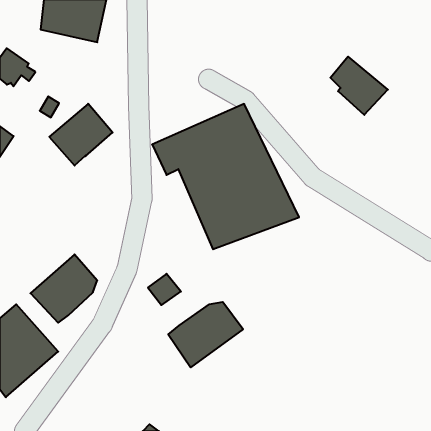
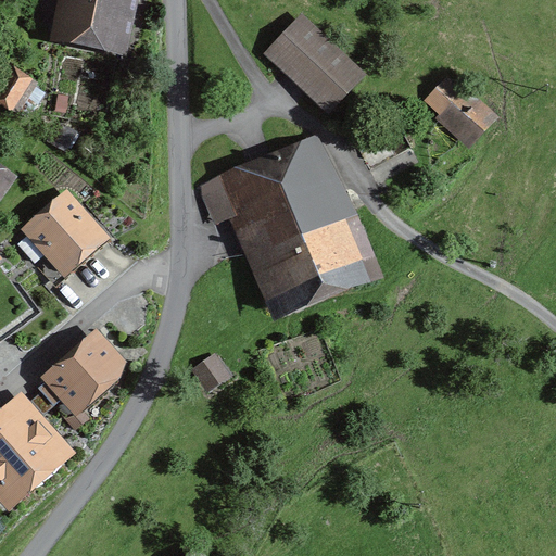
building: none -> [263,12,366,114]
building: [49,104,113,166] -> [16,201,98,280]
building: [168,302,243,367] -> none

